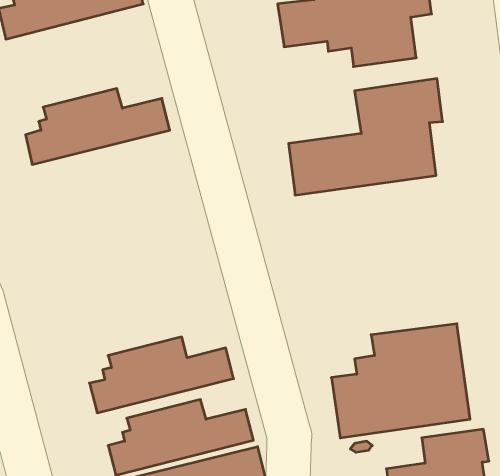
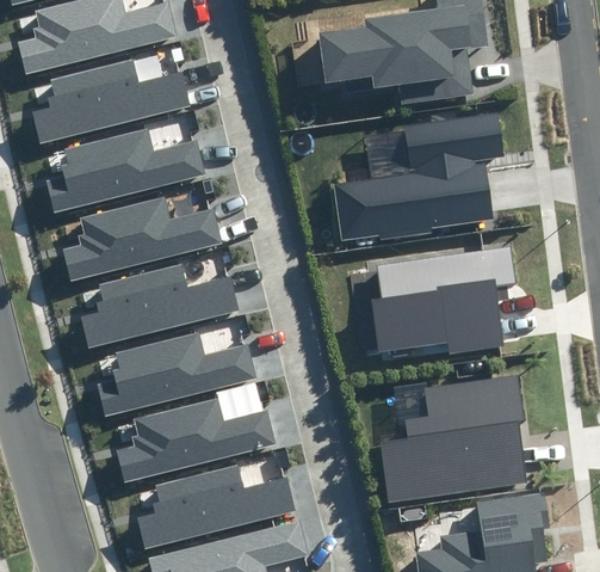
building: none -> [32,59,190,142]
building: none -> [66,197,222,279]
building: none -> [370,251,514,358]
building: none -> [82,263,239,346]
building: none -> [98,332,255,414]

